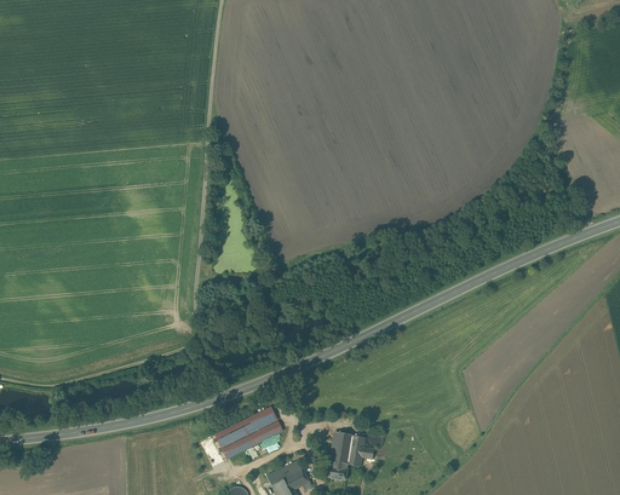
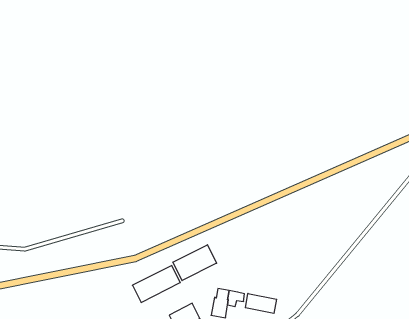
building: none -> [173,245,217,281]
building: none -> [245,293,277,313]

